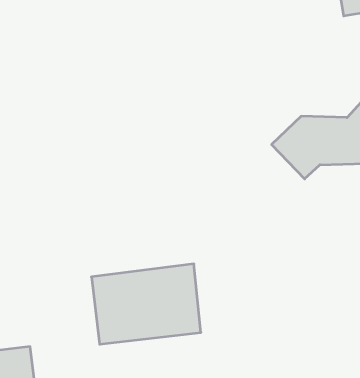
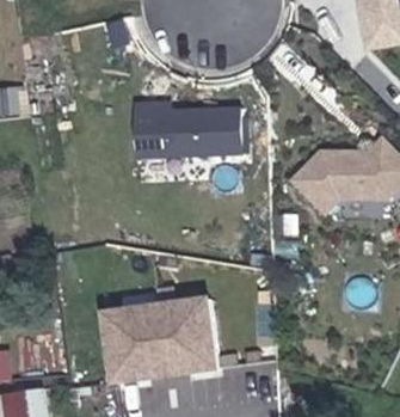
building: none -> [131,106,240,159]

